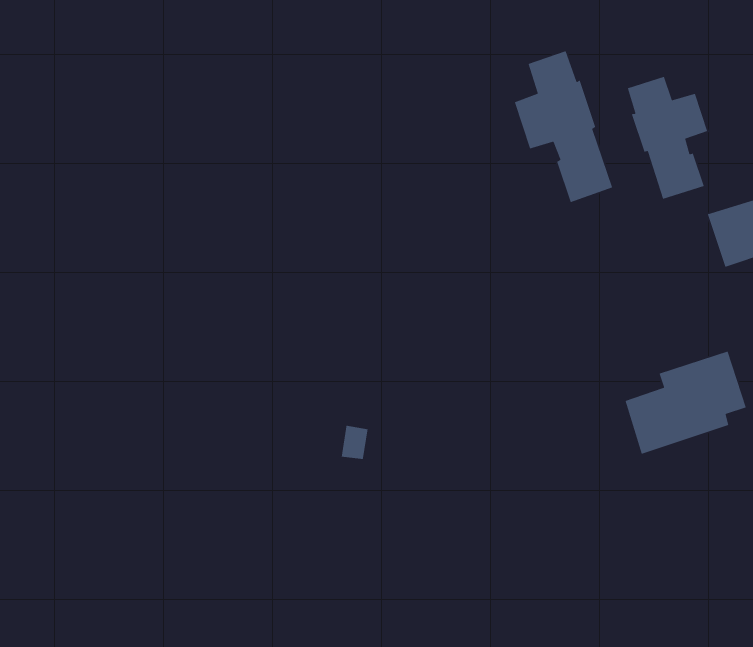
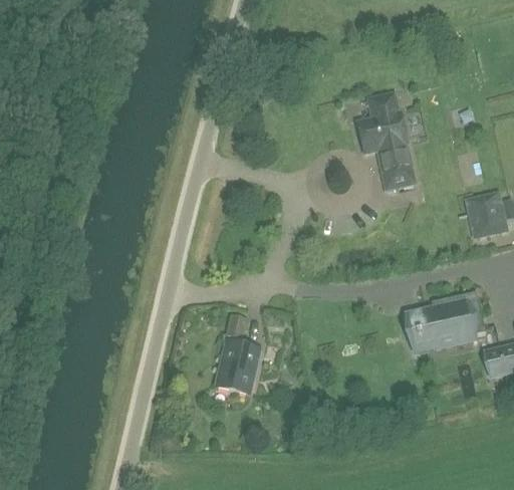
building: [627,76,708,200] -> none
building: none -> [215,339,259,393]

